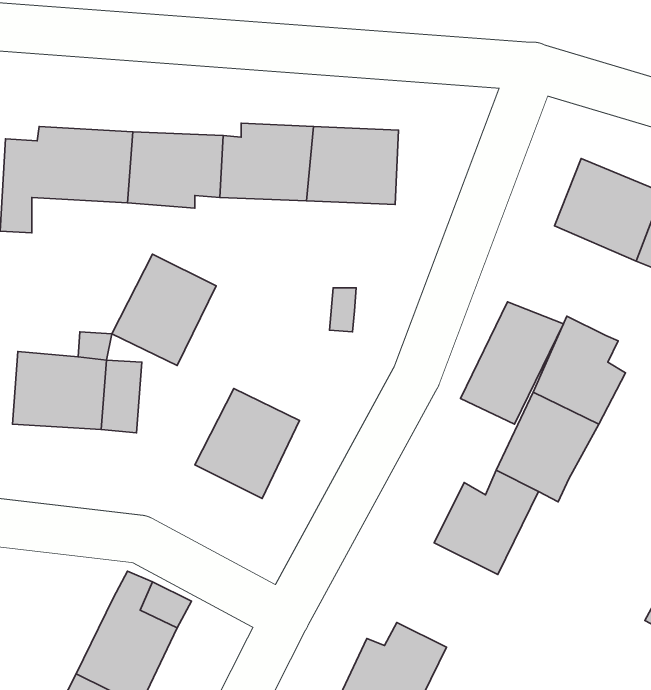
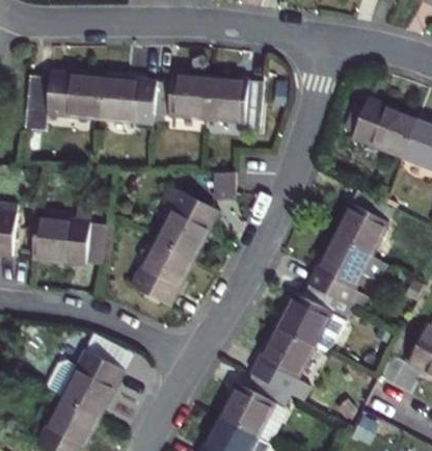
building: [112,254,216,366] -> [160,185,221,250]
building: [460,302,564,424] -> none
building: none -> [255,322,315,383]

